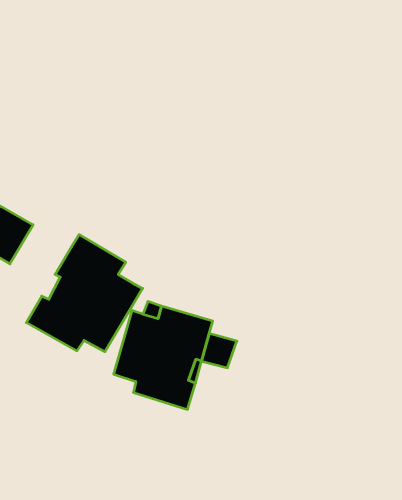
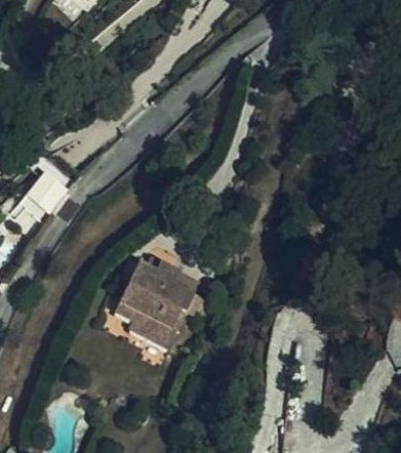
building: [26,235,143,352] -> none

